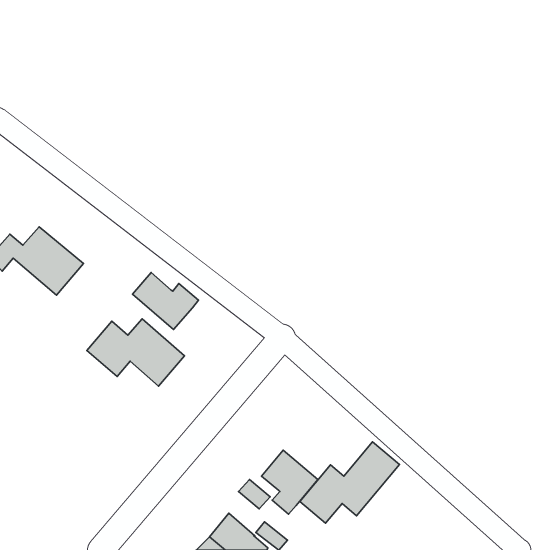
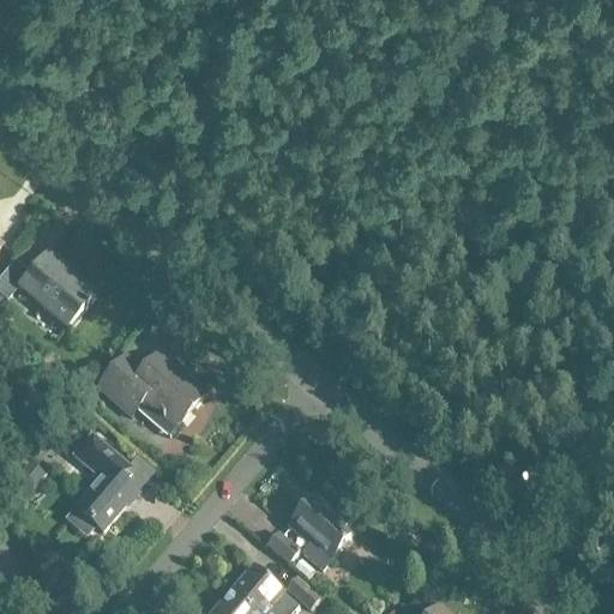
building: [132,272,199,329] -> none
building: none -> [68,427,152,530]
building: [300,442,399,523] -> none

